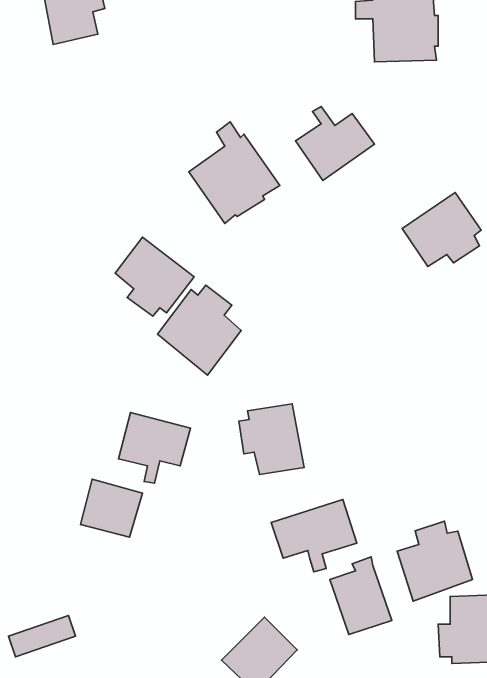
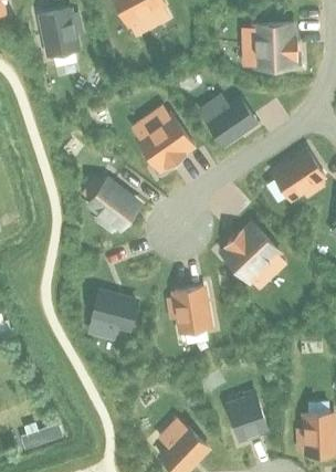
building: [158,285,241,375] -> none
building: none -> [221,224,285,283]
building: [80,479,142,537] -> none
building: [271,499,357,572] -> none
building: [397,521,473,601] -> none

